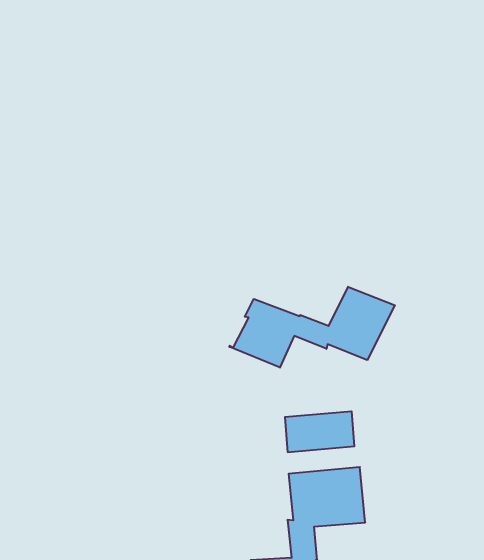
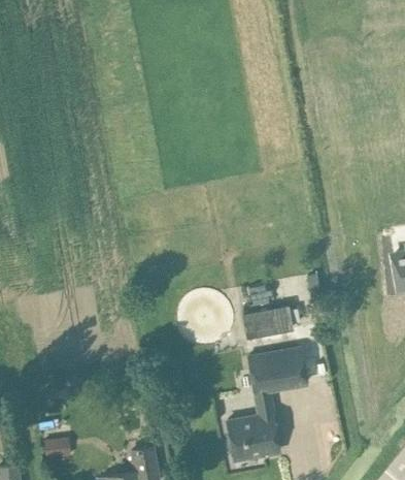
building: [229,287,395,368] -> none

